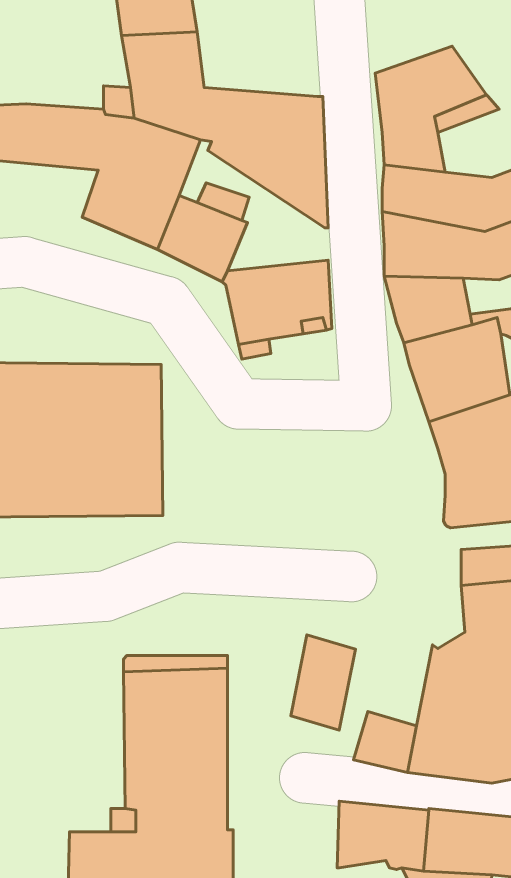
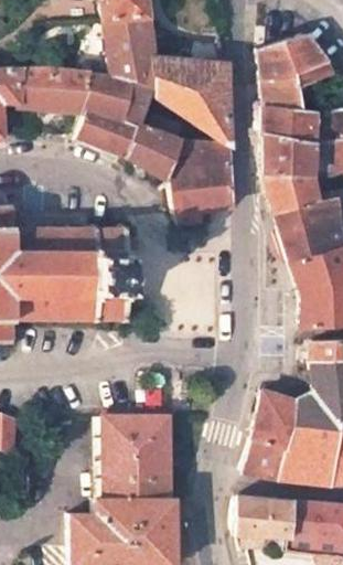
building: none -> [168,141,229,171]
building: [291,635,355,730] -> [254,392,293,450]

